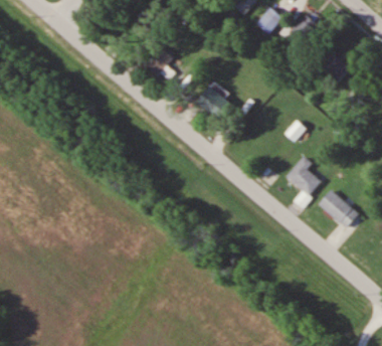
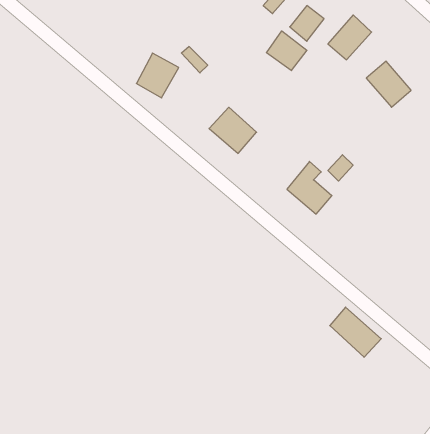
building: none -> [266,31,307,71]
building: [288,155,322,195] -> [287,161,332,214]
building: [320,189,359,227] -> [330,307,381,357]

